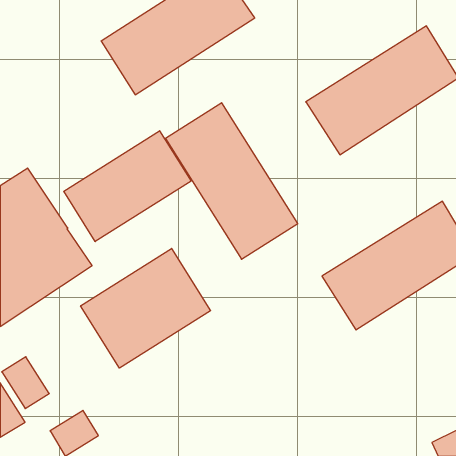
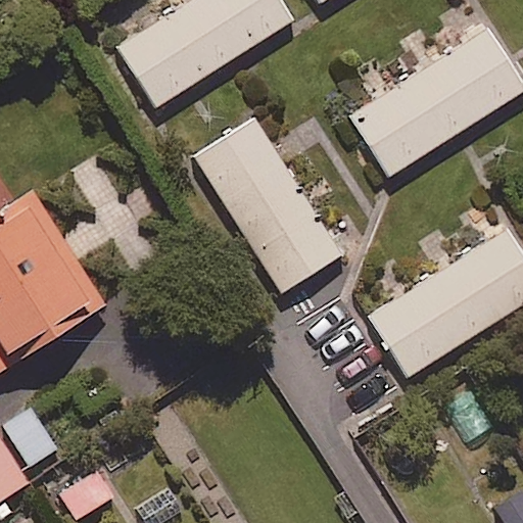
building: [64,131,191,242] -> none
building: [81,248,211,368] -> none

